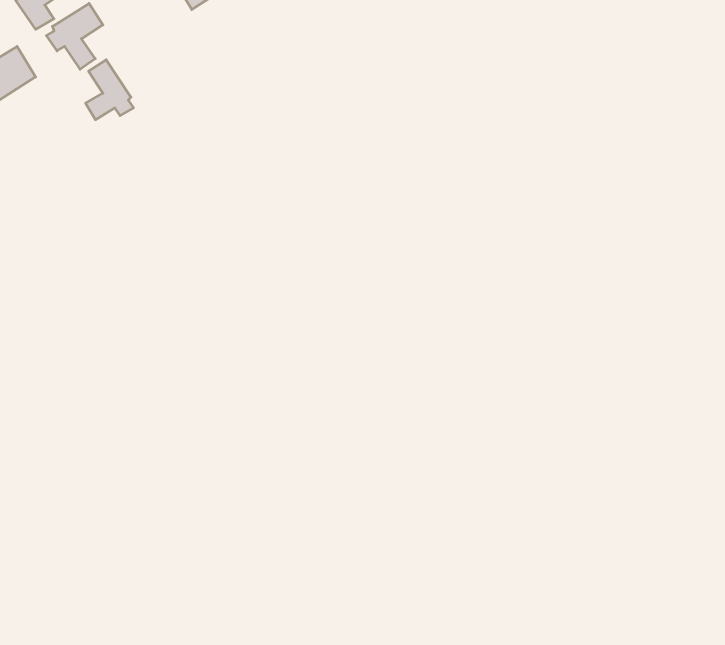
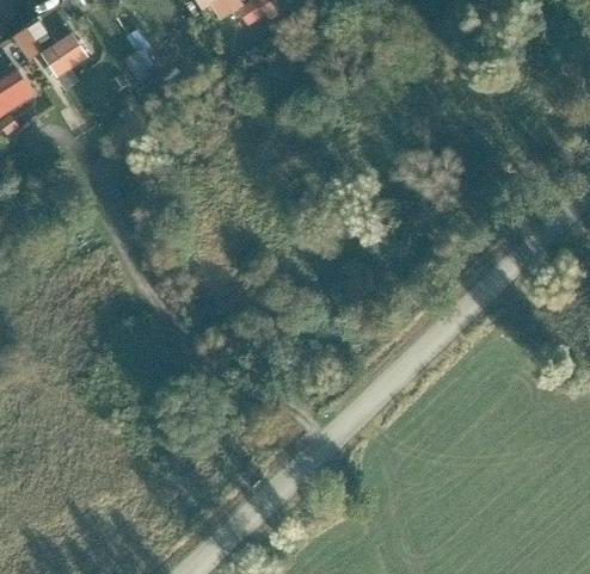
building: [86,60,133,120] -> none

